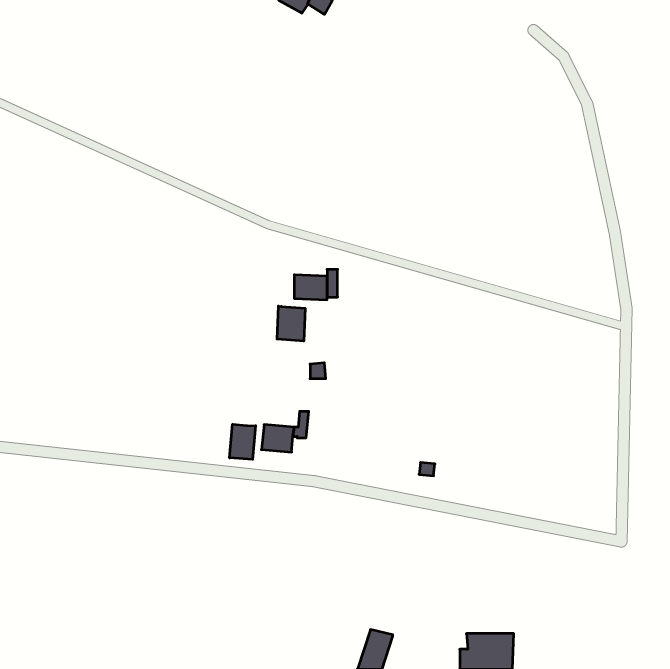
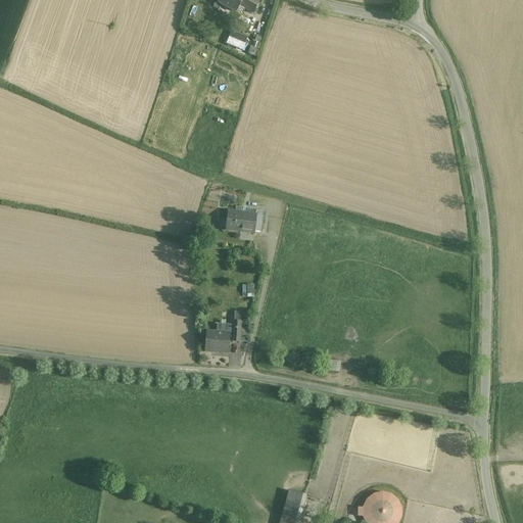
building: [277,306,305,341] -> none
building: [230,424,256,459] -> none

